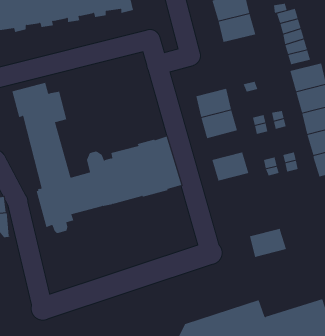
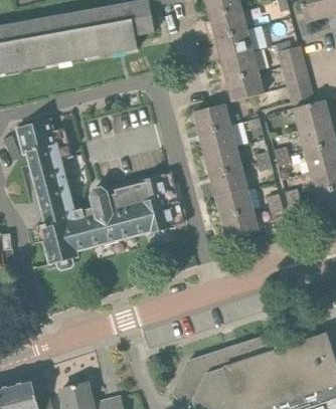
building: none -> [225,71,264,100]
building: none -> [192,103,229,133]
building: none -> [209,167,245,196]
building: [249,228,287,257] -> [220,209,258,238]

